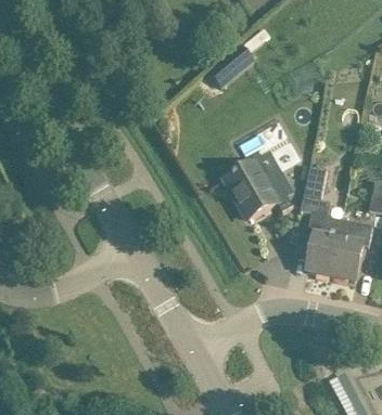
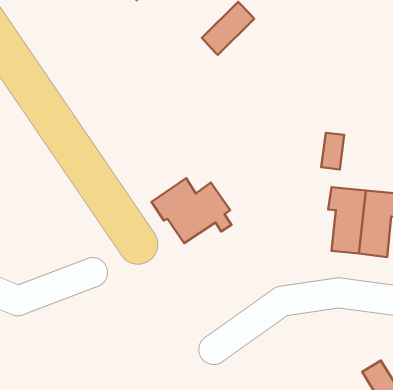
building: [224,160,293,218] -> [151,178,231,243]

